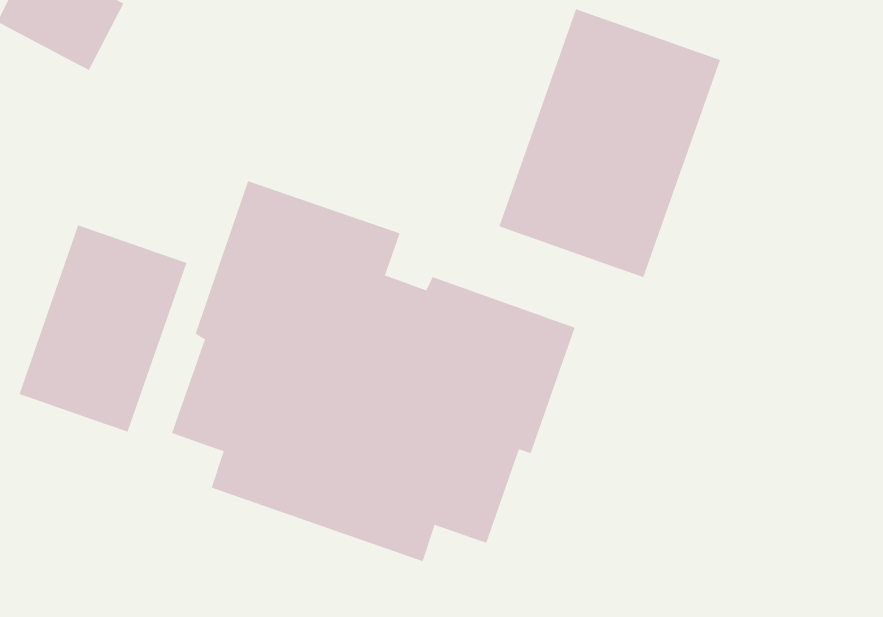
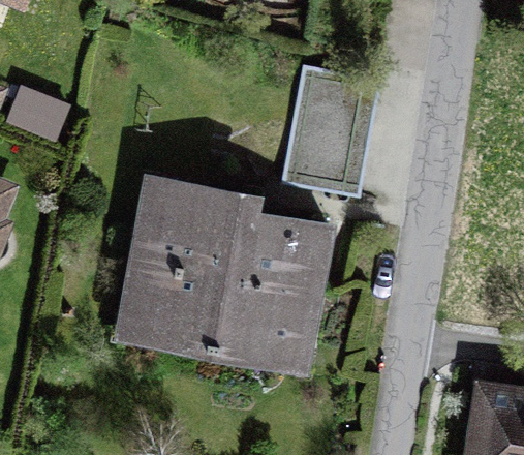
building: [19,224,187,433] -> none

